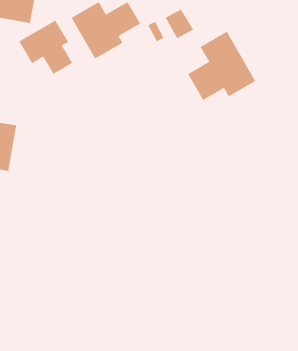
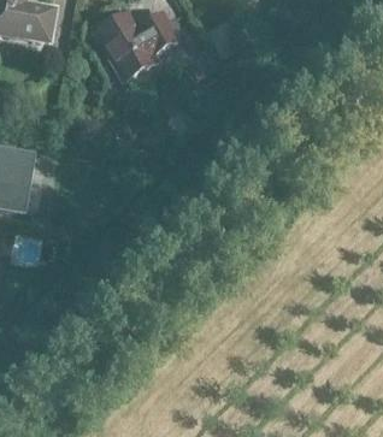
building: [18,19,73,75] -> none
building: [187,31,256,101] -> none

